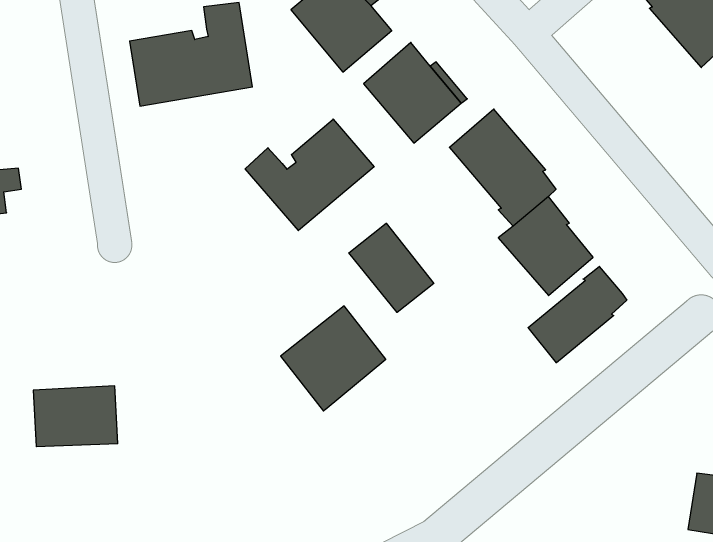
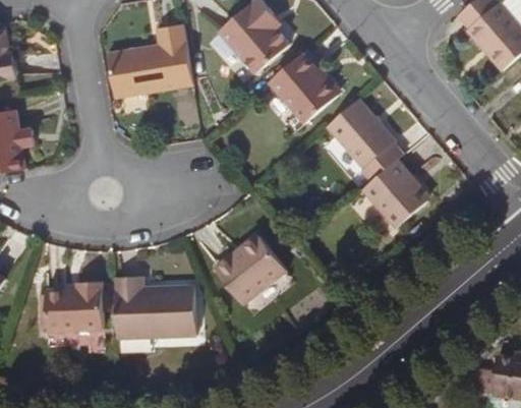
building: [245,119,374,231] -> none
building: [349,223,434,312] -> none
building: [528,266,627,363] -> none
building: none -> [112,276,194,340]

